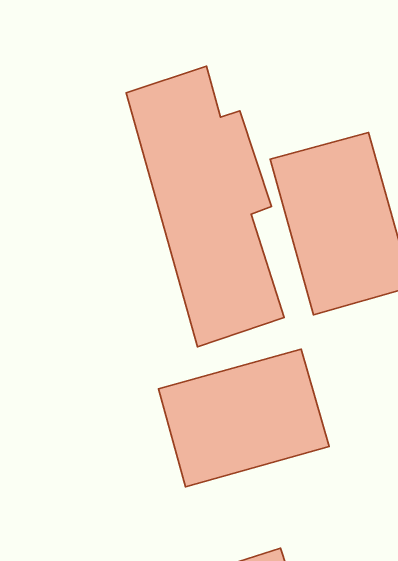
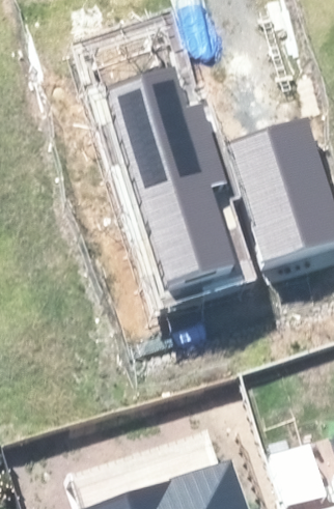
building: [159,349,329,487] -> none

